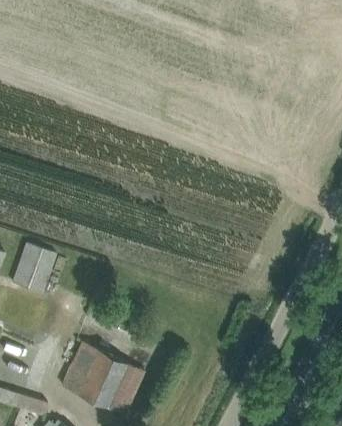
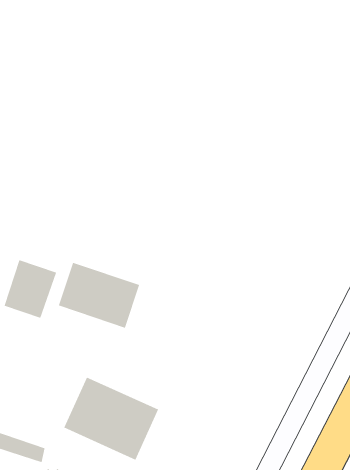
building: none -> [58,262,140,329]

